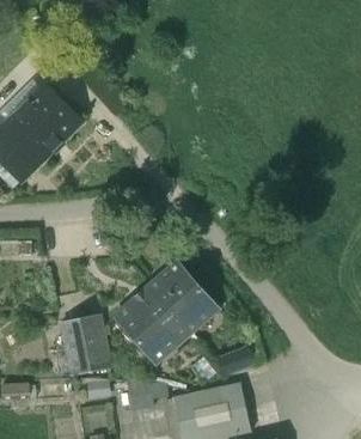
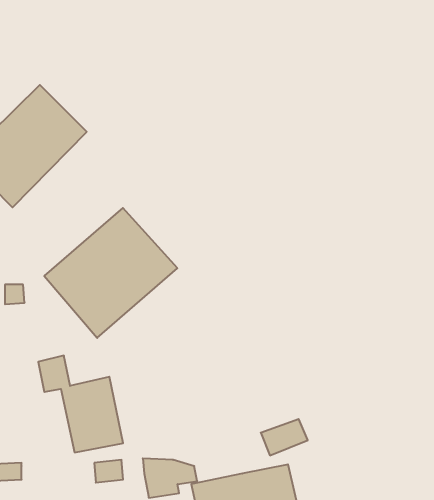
building: [115,261,220,364] -> [44,208,177,338]

